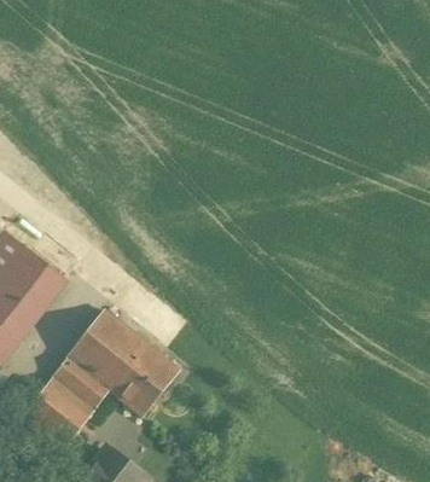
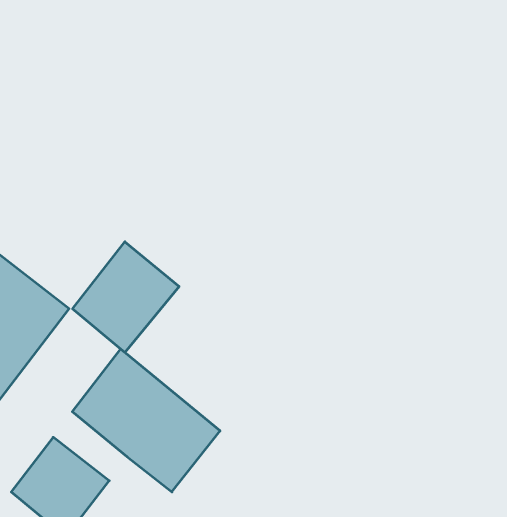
building: none -> [73,242,179,352]
building: [54,356,110,408] -> none

